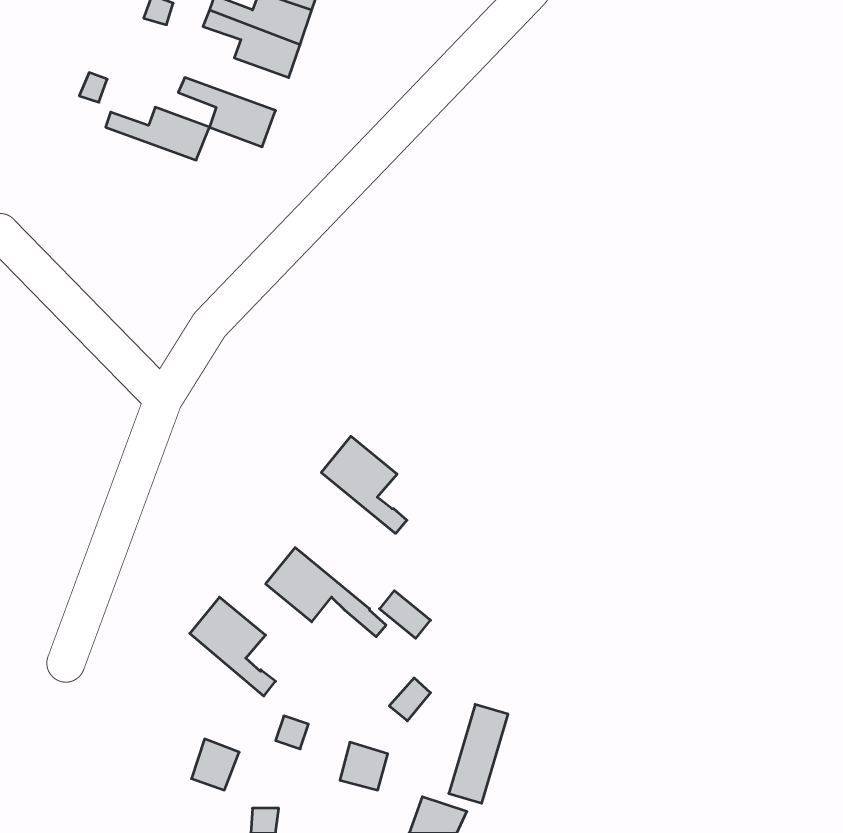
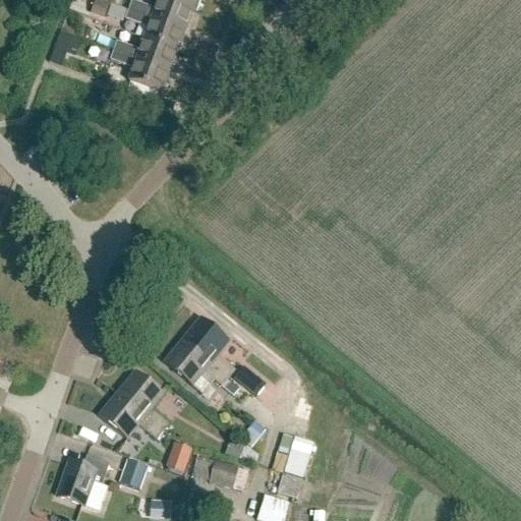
building: [106,107,210,160] -> [114,36,178,68]
building: [321,436,407,533] -> [182,315,235,375]
building: none -> [98,391,163,438]
building: none -> [57,453,110,509]

